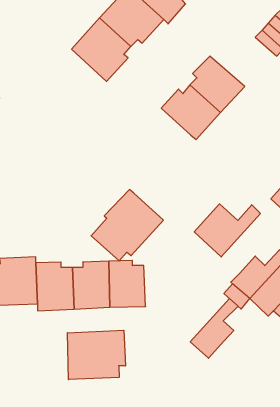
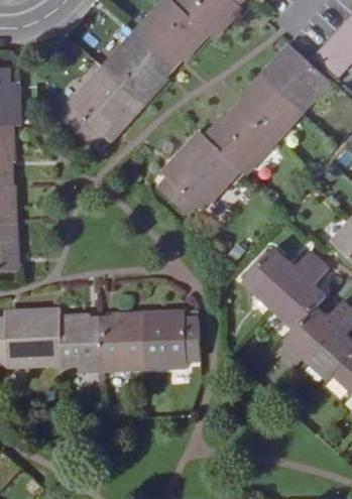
building: none -> [262,48,331,111]
building: none -> [64,68,142,146]
building: [91,190,163,261] -> [156,132,240,215]
building: [190,298,238,358] -> [275,258,331,328]
building: [67,330,125,380] -> none

